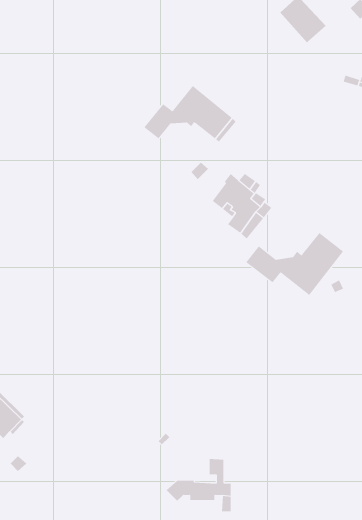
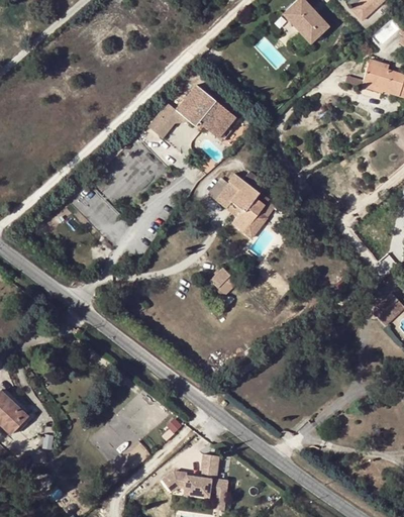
building: [245,232,344,296] -> none
building: none -> [209,267,236,300]

